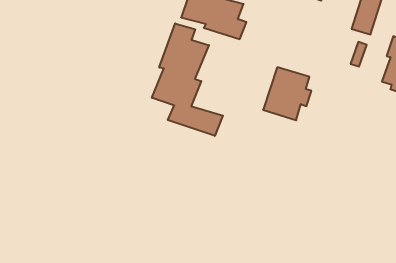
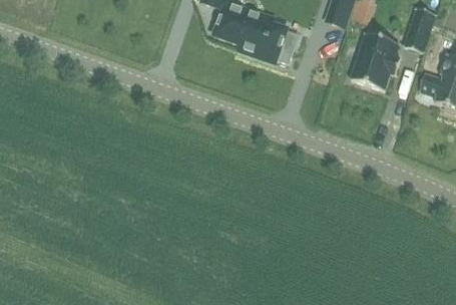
building: [152,23,223,136] -> none
building: [263,67,311,120] -> [348,33,399,89]

